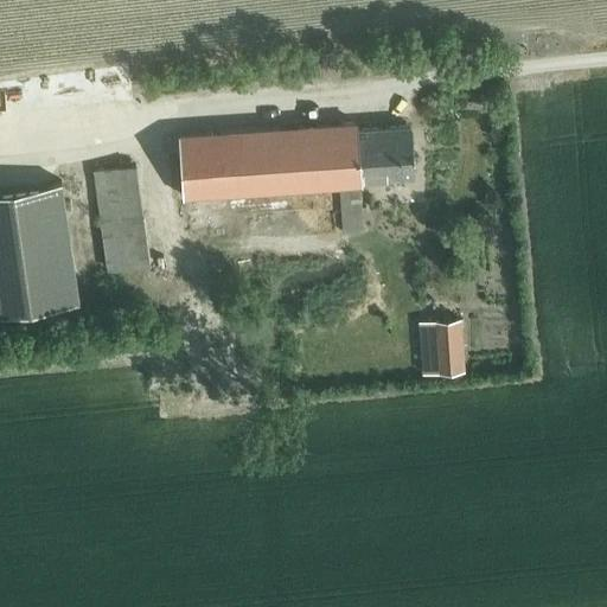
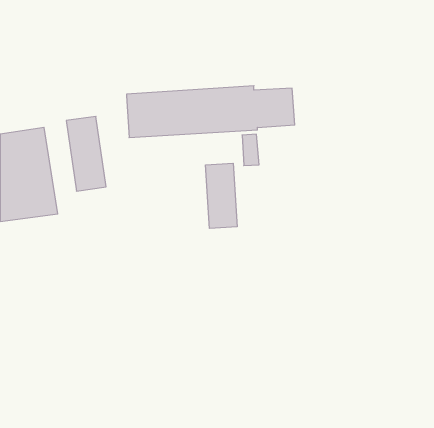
building: none -> [206,163,237,228]
building: [432,326,461,378] -> none

